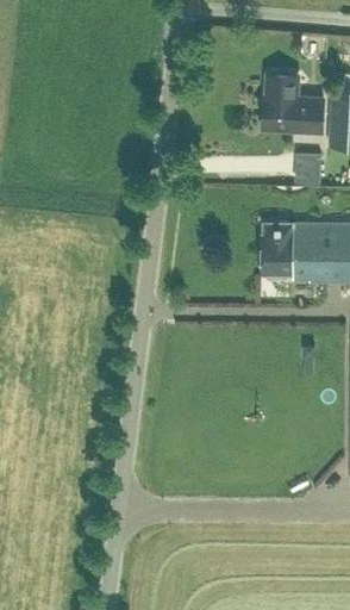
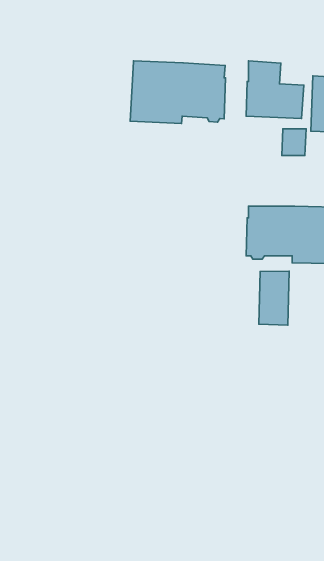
building: none -> [130,61,225,123]
building: none -> [259,271,289,325]

